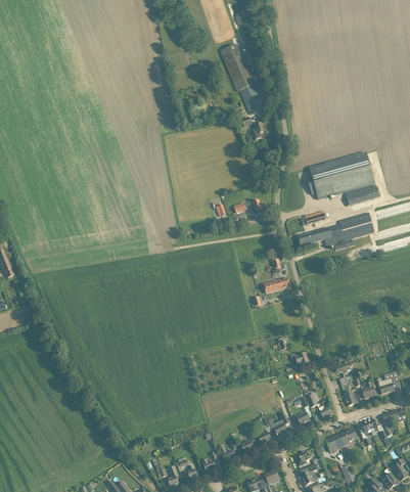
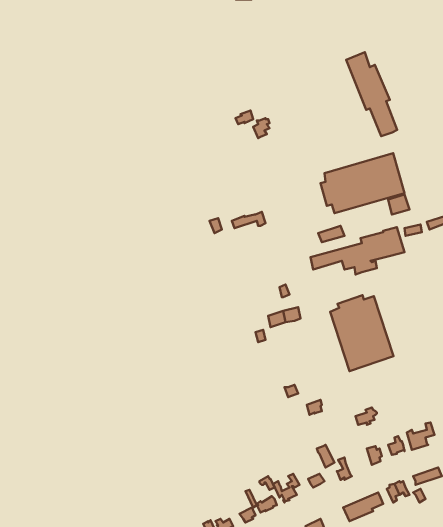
building: [220,44,262,113] -> [346,52,397,136]
building: none -> [330,295,394,371]

